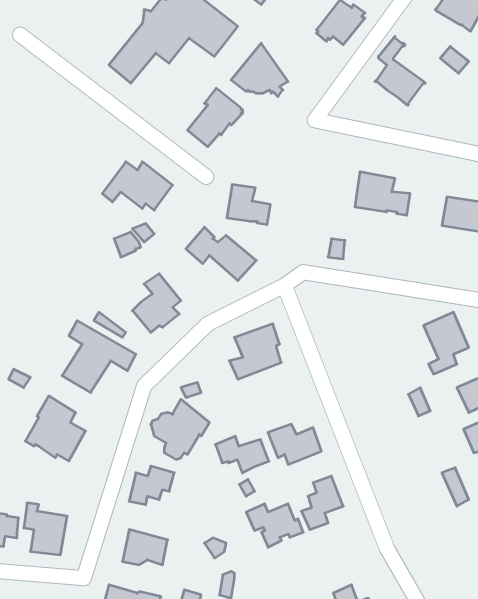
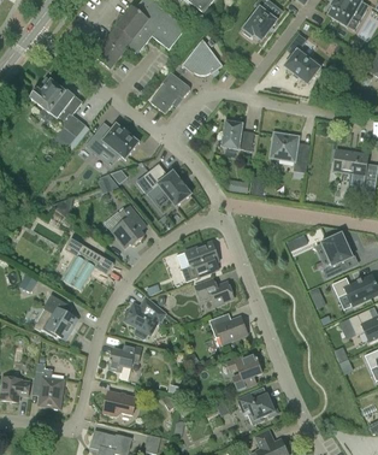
building: none -> [33,76,87,140]
building: [227,185,270,225] -> [223,122,254,150]
building: [215,436,269,473] -> [195,279,234,306]
building: [246,504,303,547] -> [237,392,278,424]

